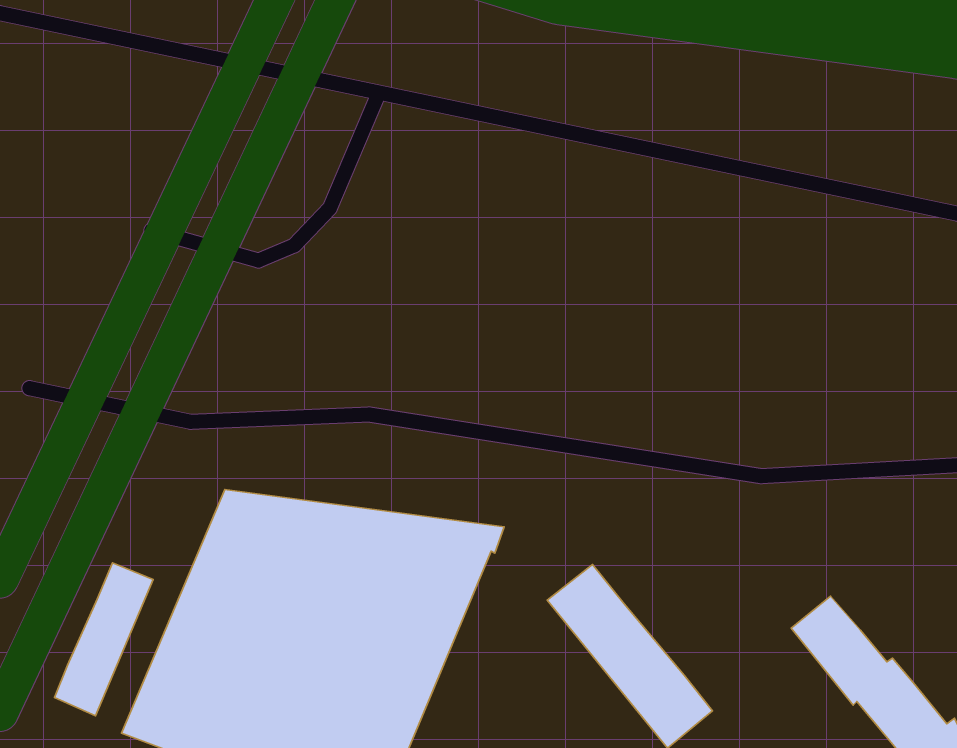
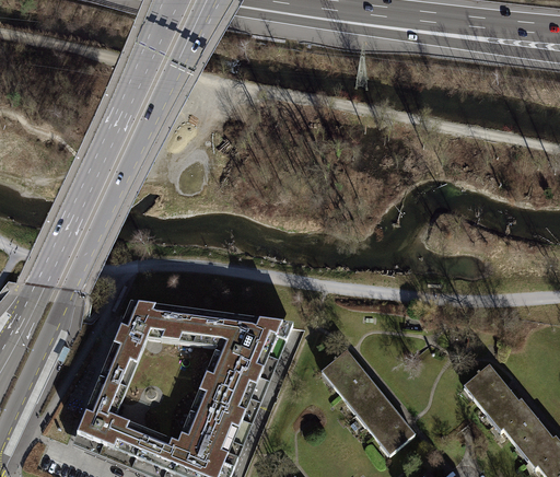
building: [54,563,153,716] -> none

